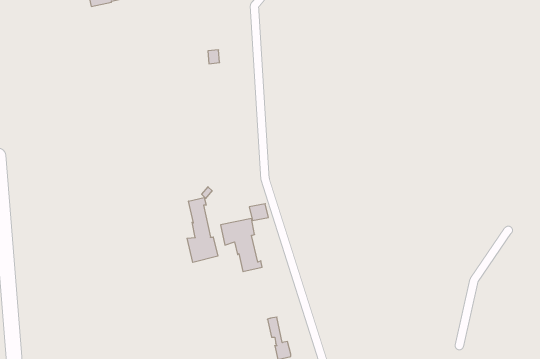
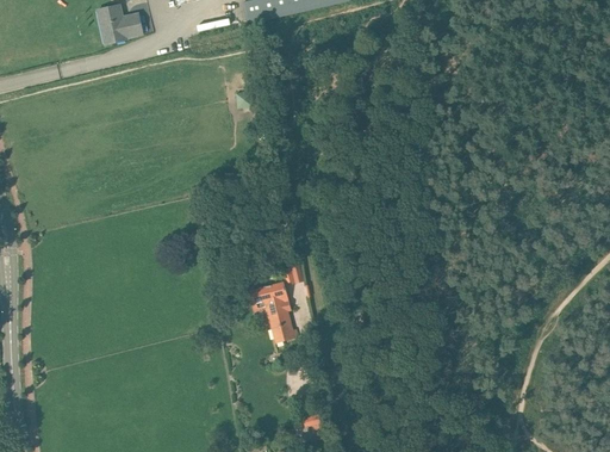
building: [187,198,218,262] -> none

